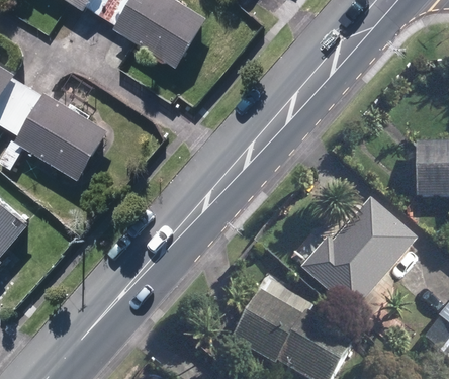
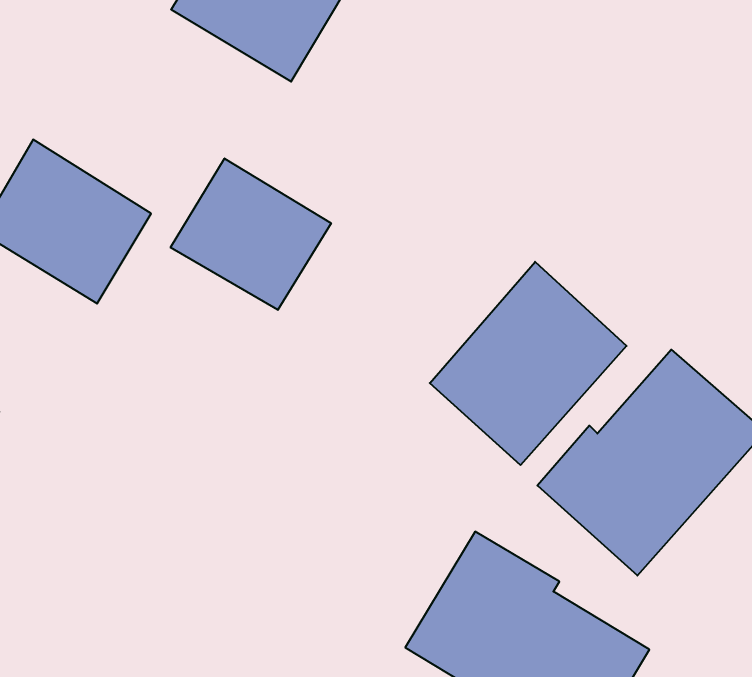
building: none -> [171,158,331,310]
building: none -> [430,262,627,465]

